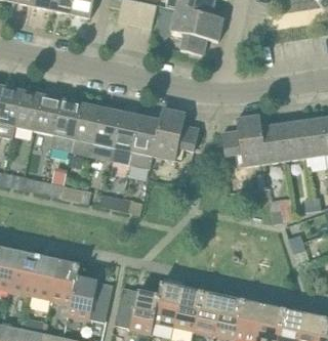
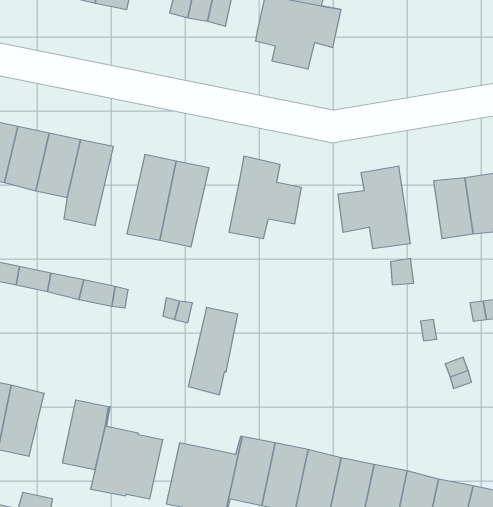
building: [70,102,100,157] -> none
building: [258,115,285,163] -> none
building: [129,116,160,170] -> [188,307,238,395]
building: [29,256,57,299] -> none

